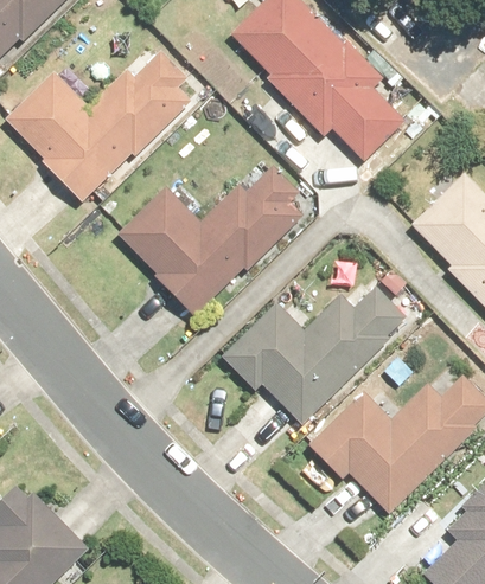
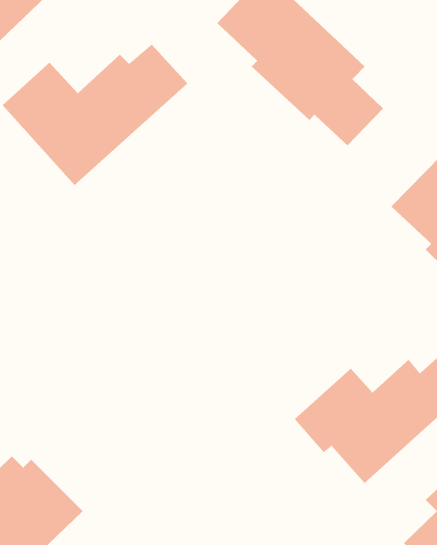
building: [116,167,302,316] -> none
building: [223,288,407,425] -> none

